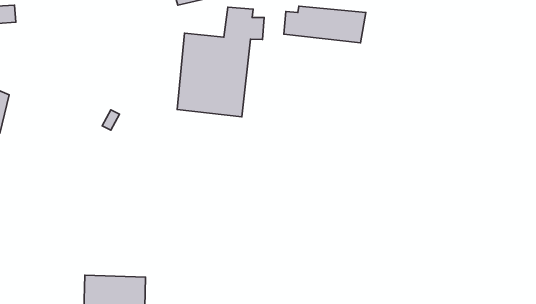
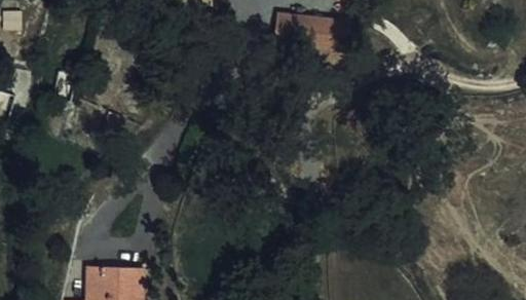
building: [177,7,264,117] -> none

